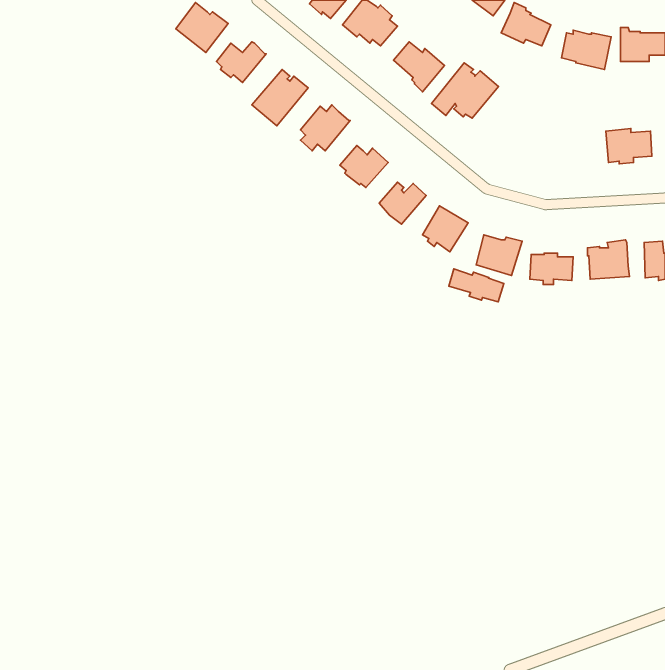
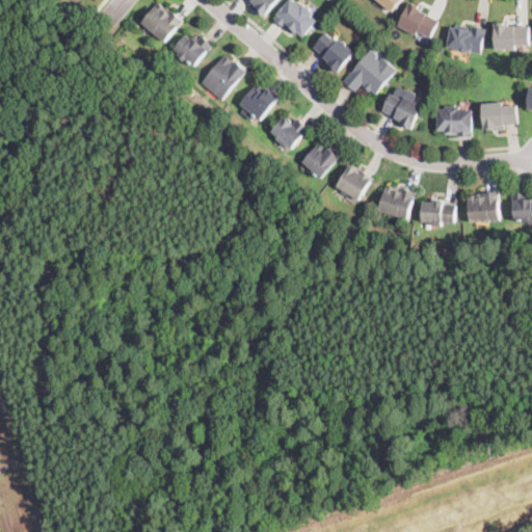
building: none -> [380,94,422,130]
building: none -> [435,105,471,137]
building: [449,269,504,302] -> none

